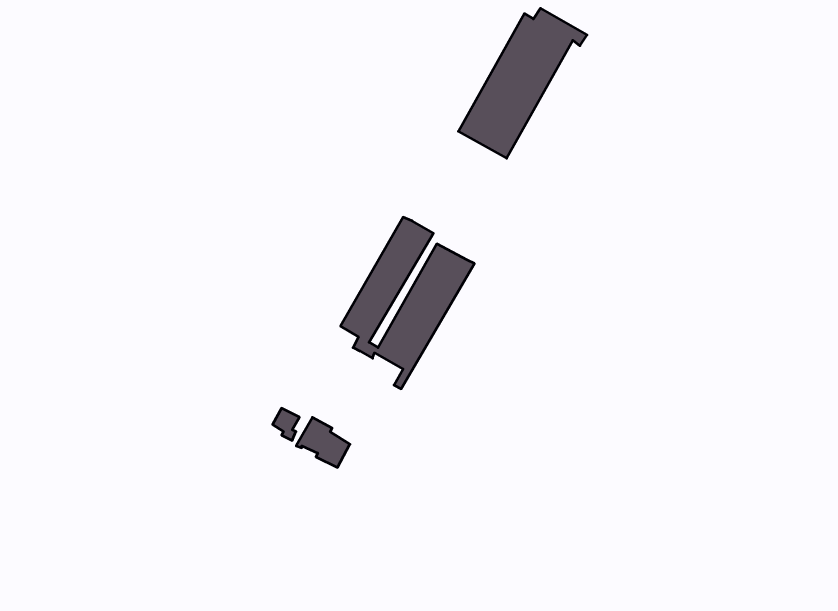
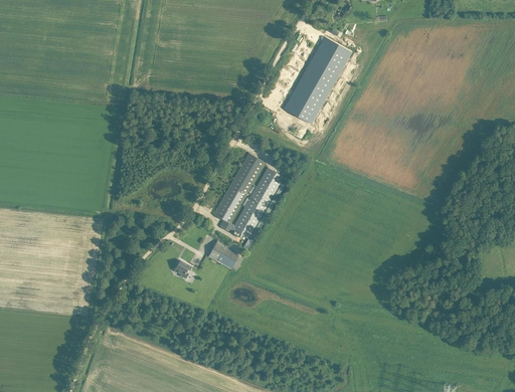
building: [296,417,350,467] -> [208,241,238,269]

